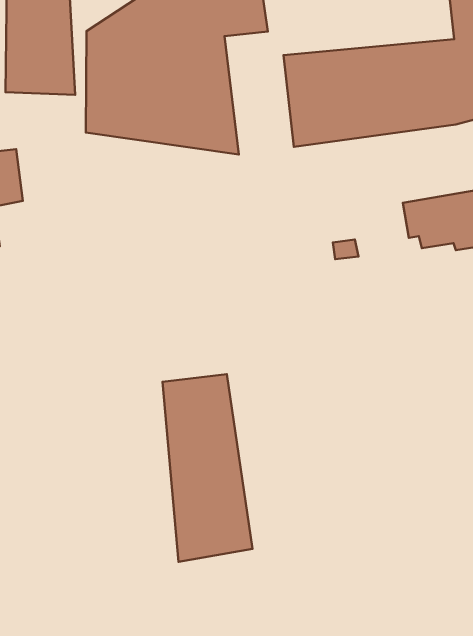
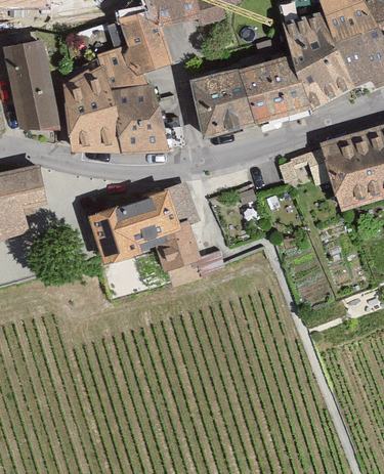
building: none -> [89,185,201,265]
building: [162,374,252,562] -> none

